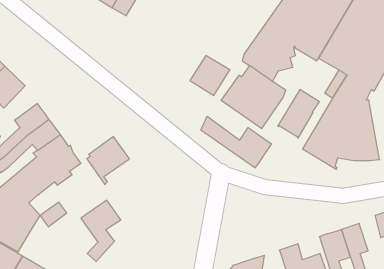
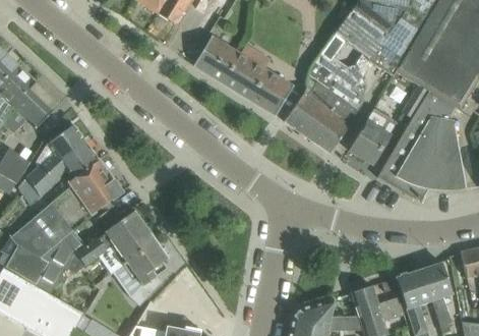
building: none -> [194,37,270,99]
building: [201,116,271,168] -> none
building: [87,137,129,185] -> [104,211,153,266]

